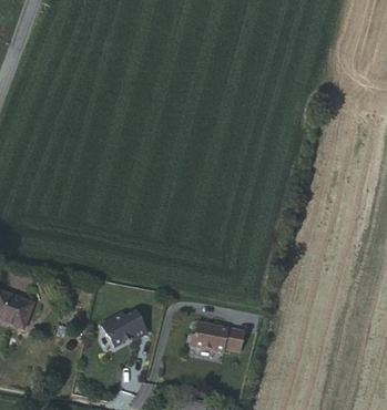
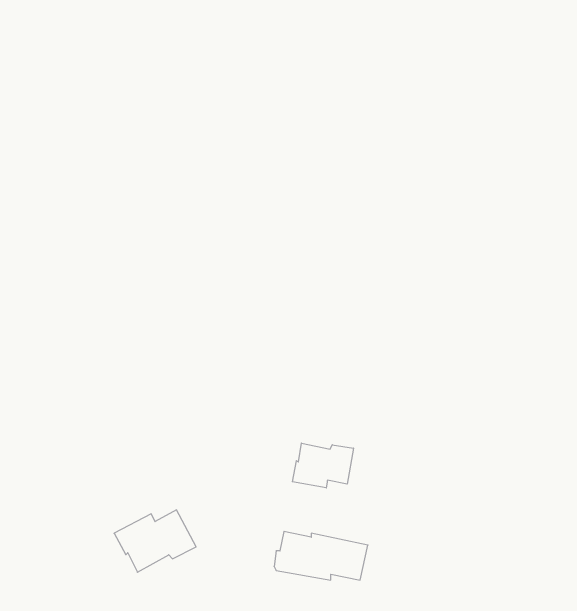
building: none -> [292,443,353,488]

